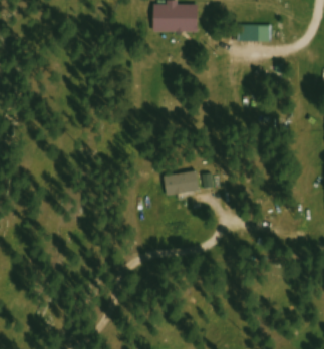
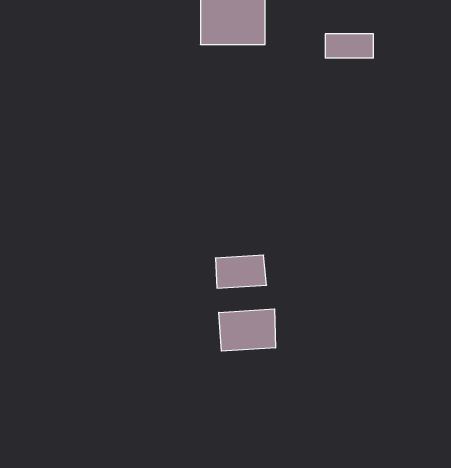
building: none -> [219,309,275,351]

